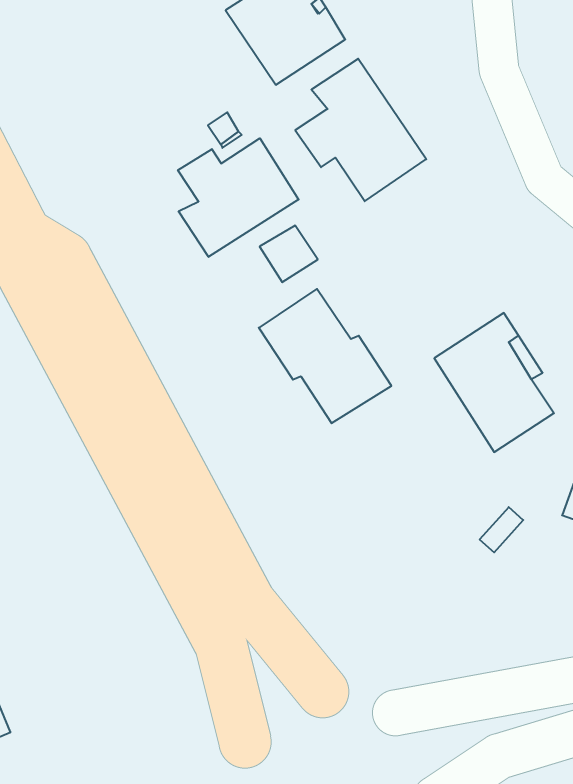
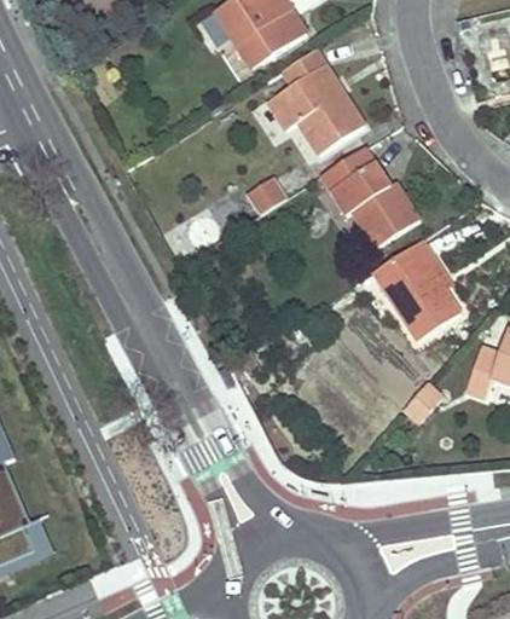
building: [178,138,299,257] -> none
building: [259,289,391,423] -> [319,145,418,245]

